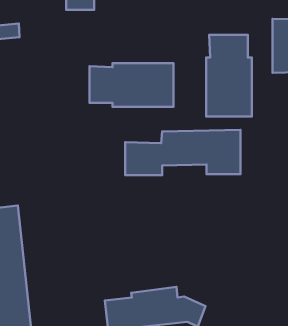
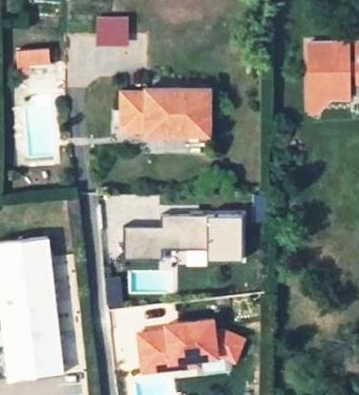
building: [206,35,252,117] -> none
building: [125,130,240,175] -> [123,213,242,260]

